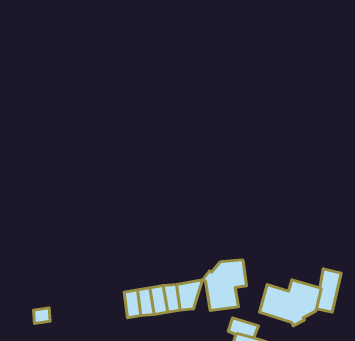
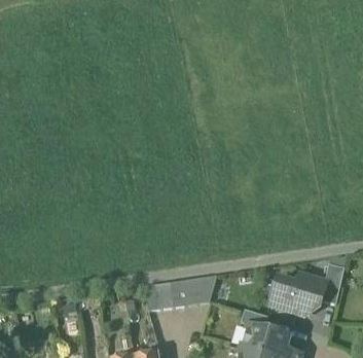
building: [202,260,247,310] -> none

